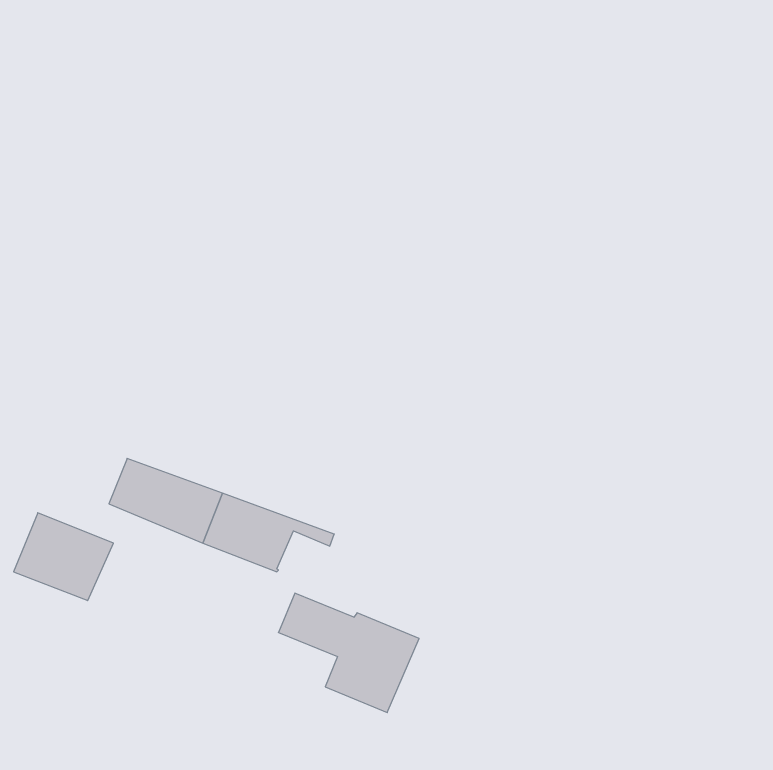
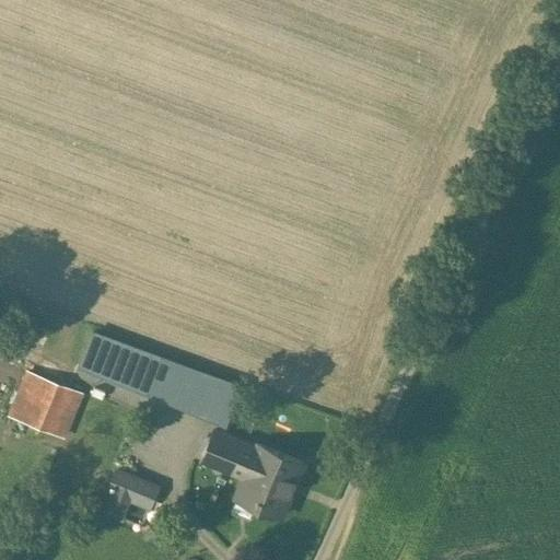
building: none -> [200,386,238,424]
building: none -> [106,471,158,517]

